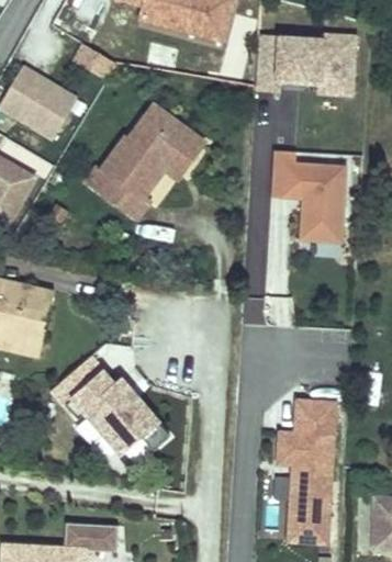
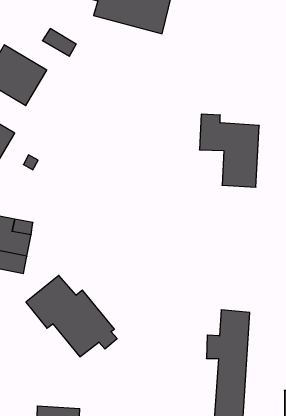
building: [255,32,356,98] -> none
building: [96,106,202,217] -> none

